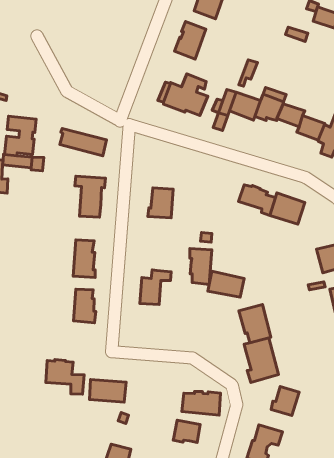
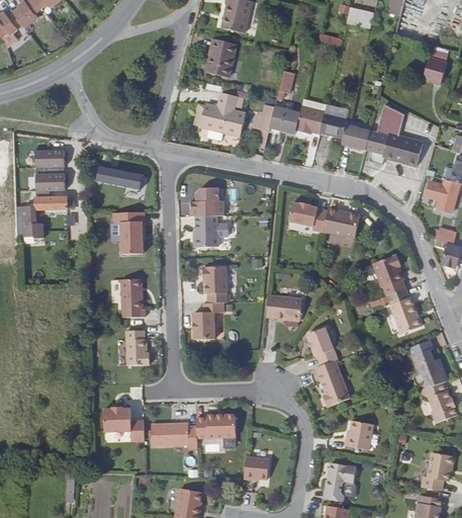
building: none -> [190,188,223,217]
building: [190,249,212,284] -> [203,266,227,303]
building: [182,391,220,415] -> [197,414,237,437]

